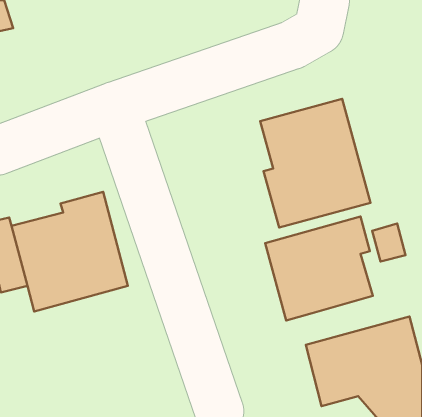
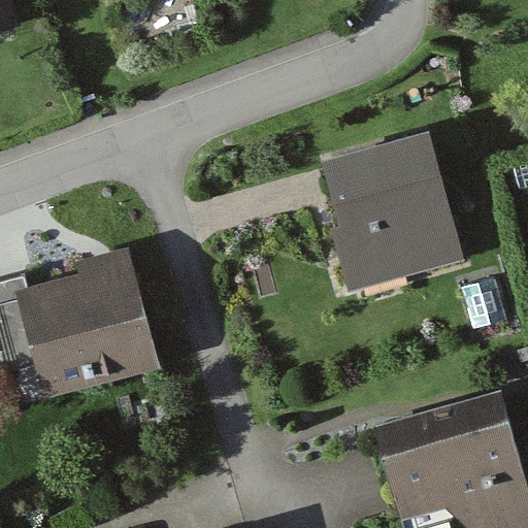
building: [265,216,373,320] -> none

